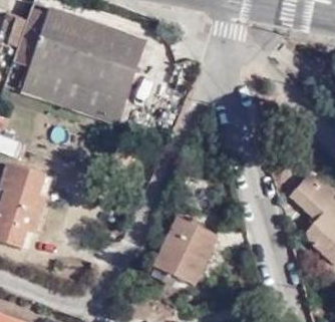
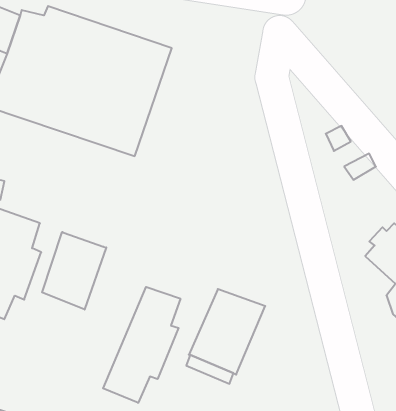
building: none -> [42,232,106,310]
building: none -> [103,287,180,403]

